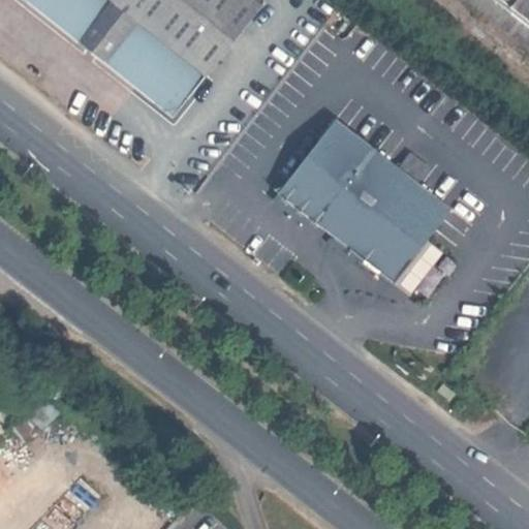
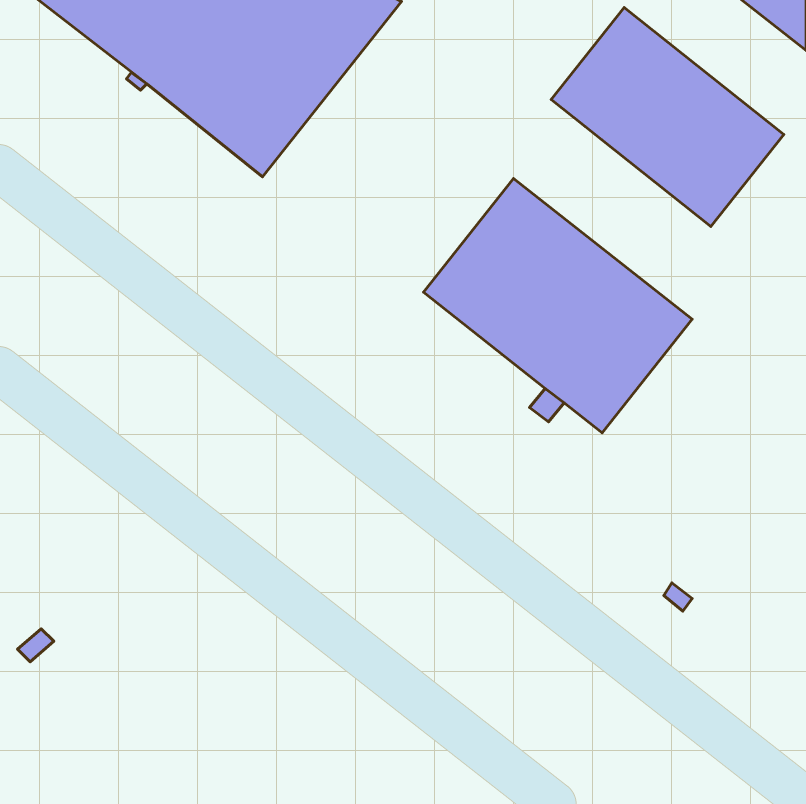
building: none -> [551,8,784,226]

